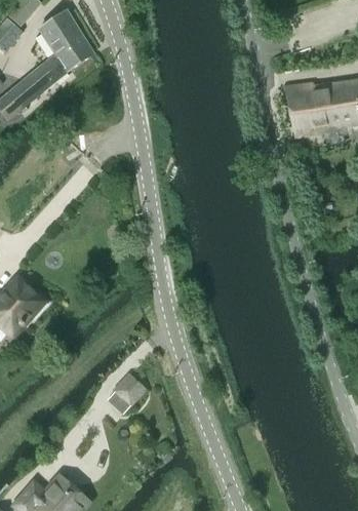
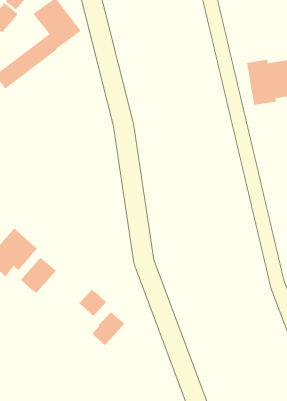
building: none -> [20,257,57,294]
building: none -> [79,289,107,317]

